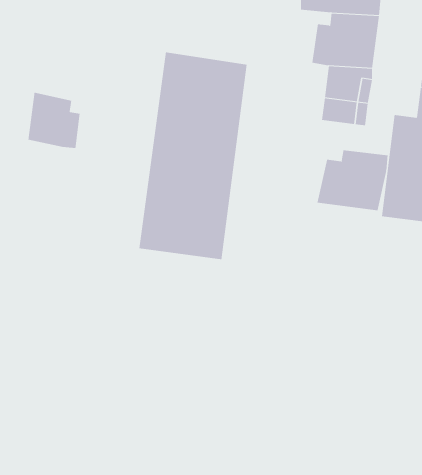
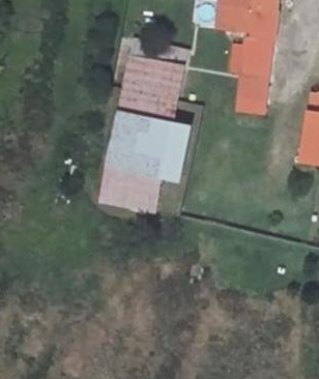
building: [28,92,80,149] -> none
building: [317,149,388,211] -> none

